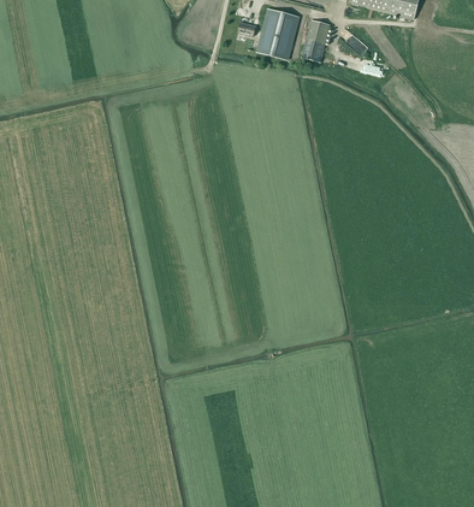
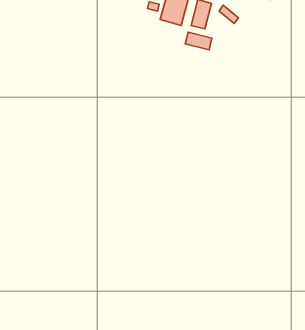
building: none -> [185,32,212,50]

